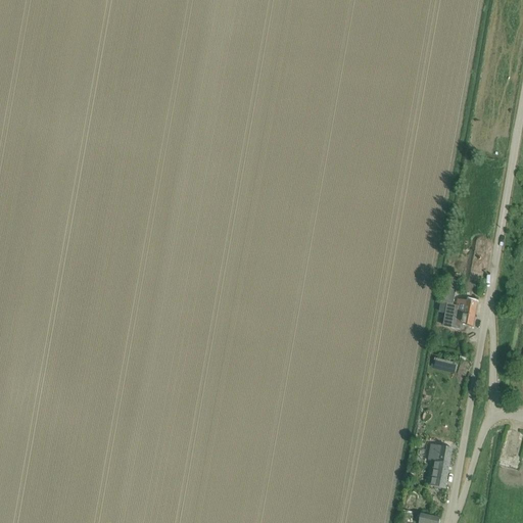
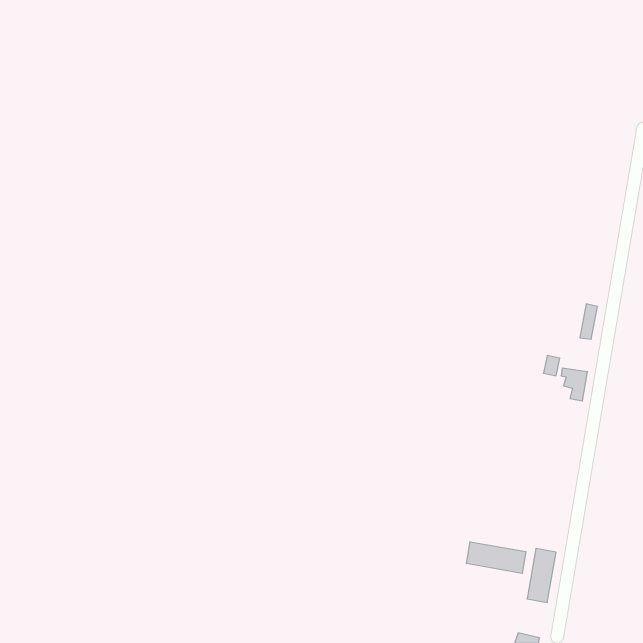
building: none -> [466,542,526,573]

